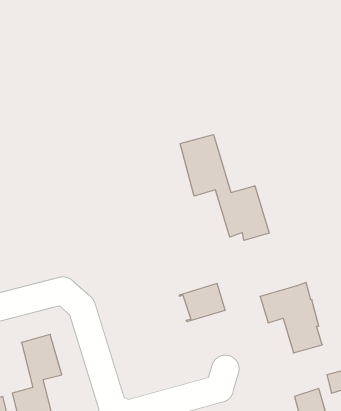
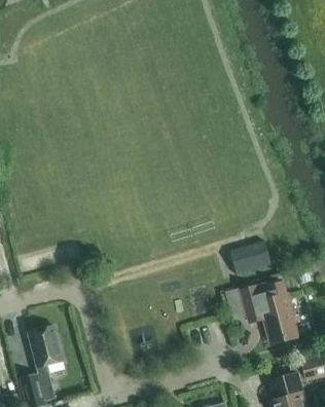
building: [180,135,269,240] -> none
building: [179,284,225,322] -> [229,240,270,274]

